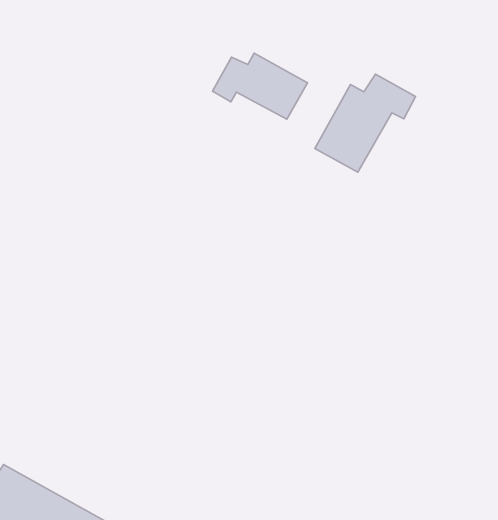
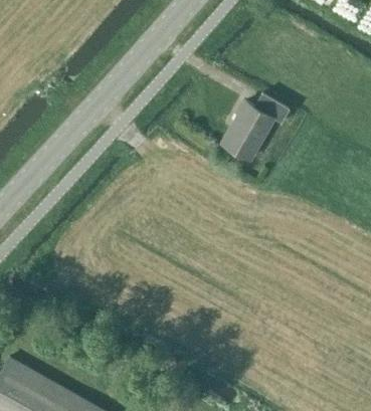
building: [213,53,307,119] -> none

